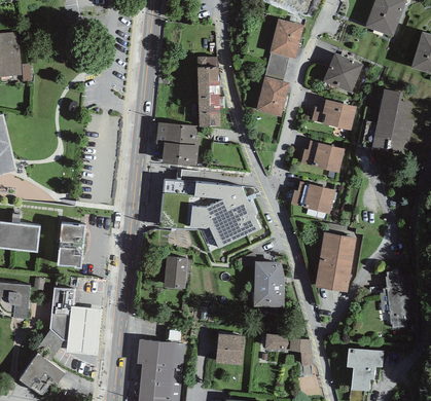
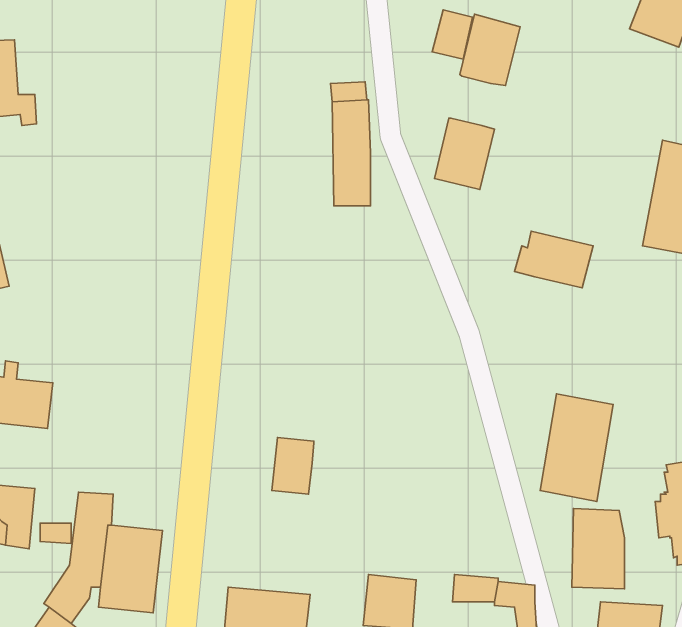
building: [264,52,287,80] -> [432,10,472,59]
building: [323,52,363,93] -> none
building: [311,97,357,130] -> none
building: [156,121,199,166] -> none
building: [290,181,335,213] -> none
building: [190,182,260,248] -> none
building: [57,223,86,268] -> none
building: [254,261,284,306] -> [572,509,625,589]

